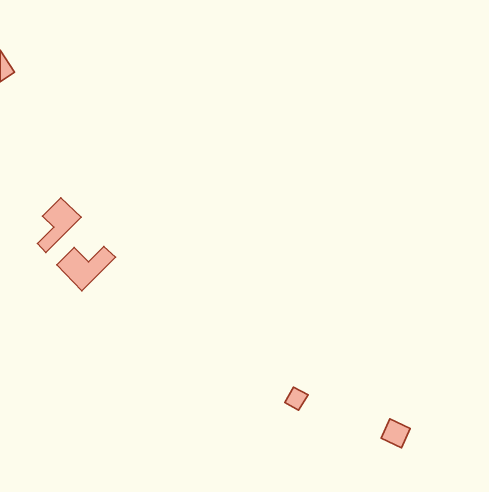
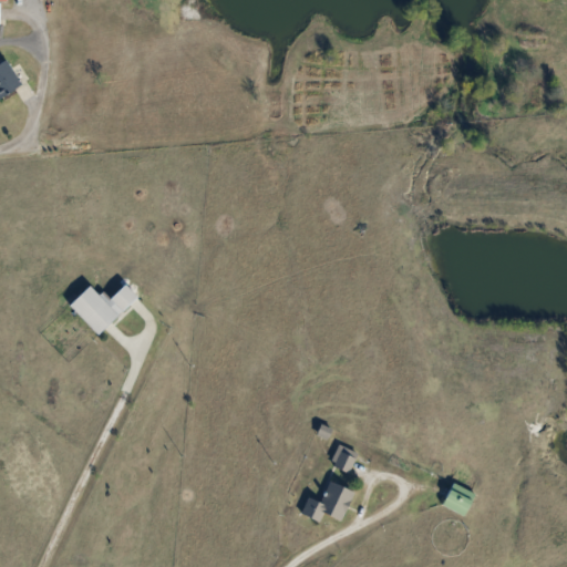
building: [38,198,81,253] -> none
building: none -> [300,482,353,522]

